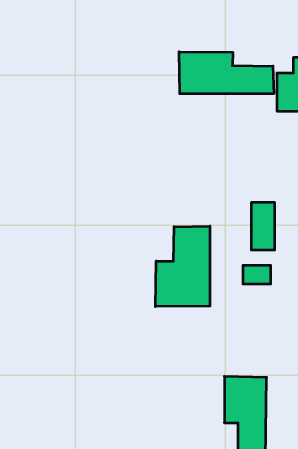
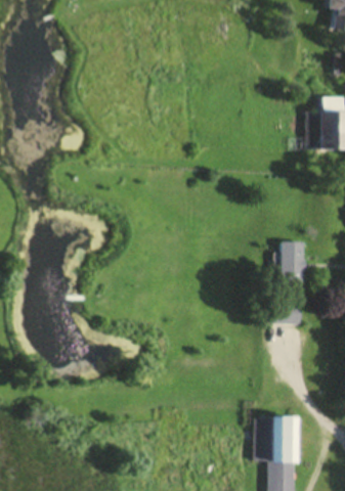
building: [179,52,274,94] -> none
building: [155,226,210,307] -> none

